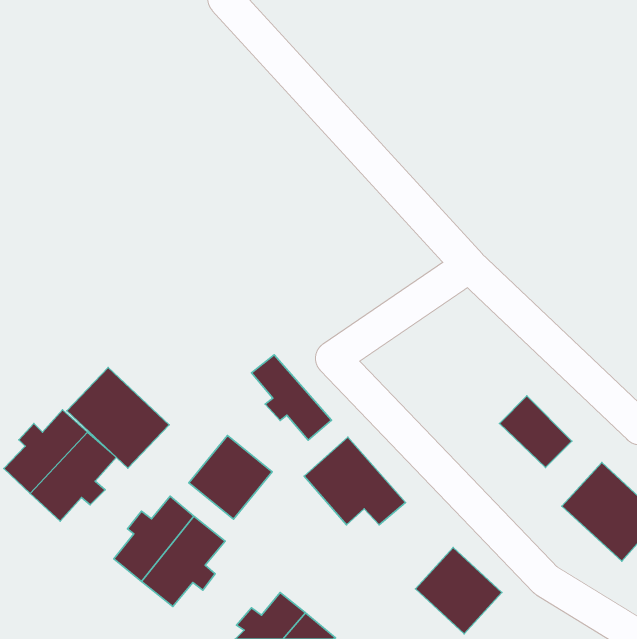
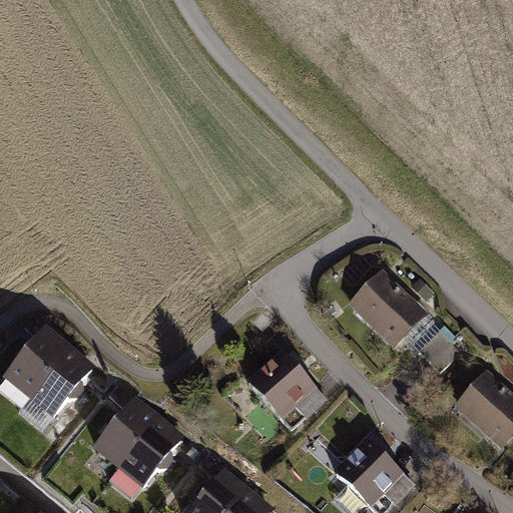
building: none -> [347,269,427,349]
building: [252,355,332,440] -> none
building: [67,368,169,468] -> none
building: [189,435,272,519] -> none

